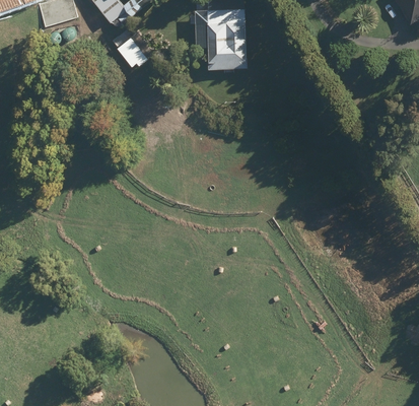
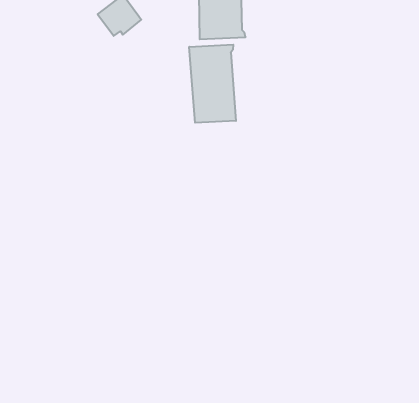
building: none -> [189,45,236,123]

